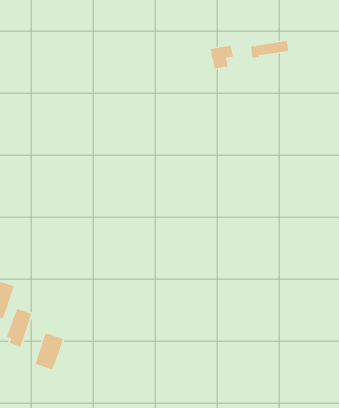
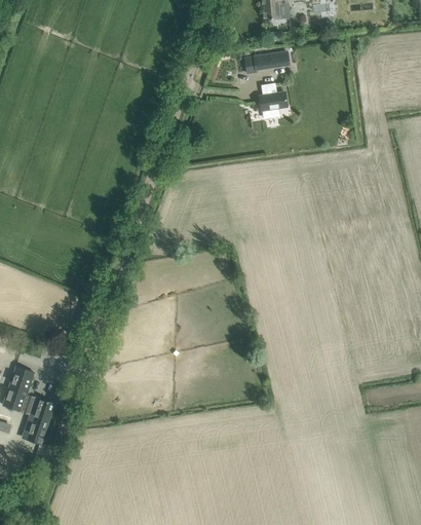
building: [250,40,289,59] -> [244,50,290,72]
building: [34,332,64,371] -> none

